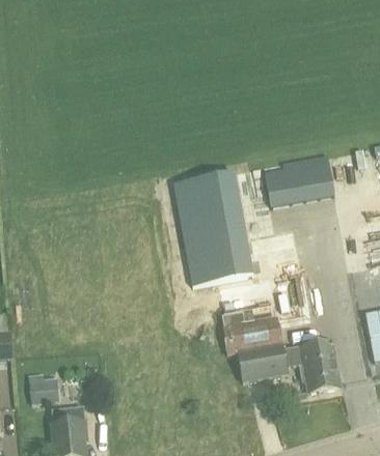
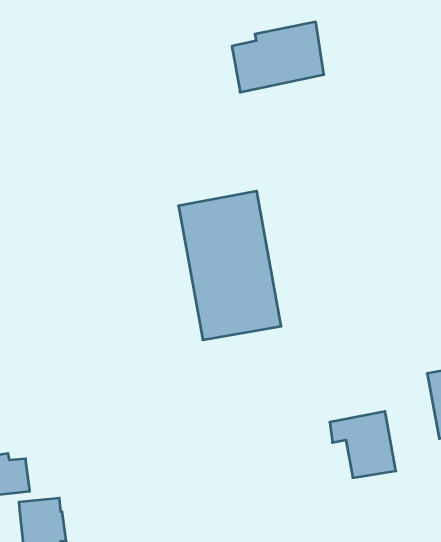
building: [264,152,334,206] -> [232,22,324,92]
building: [221,309,288,381] -> none

